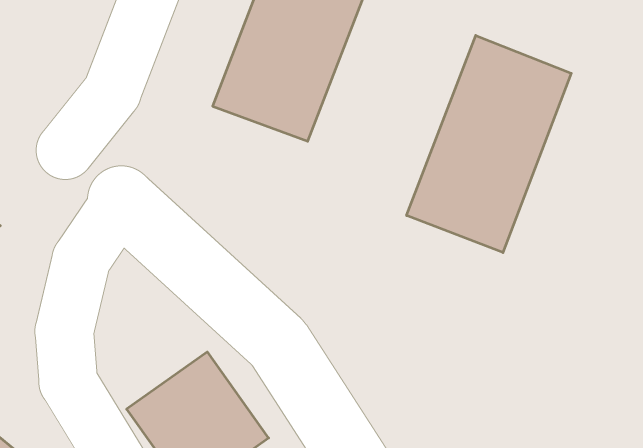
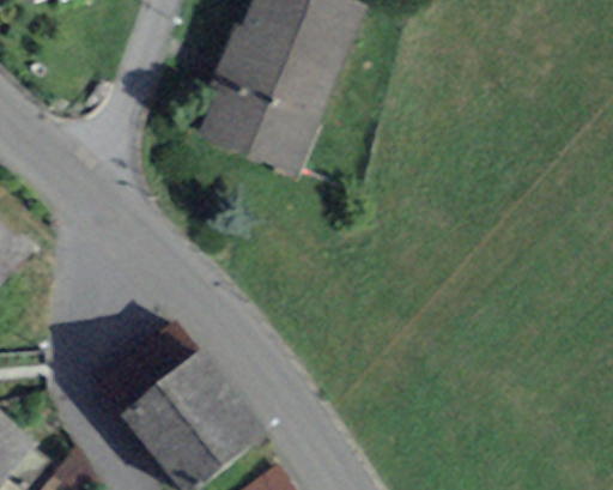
building: [407,35,571,253] -> none

